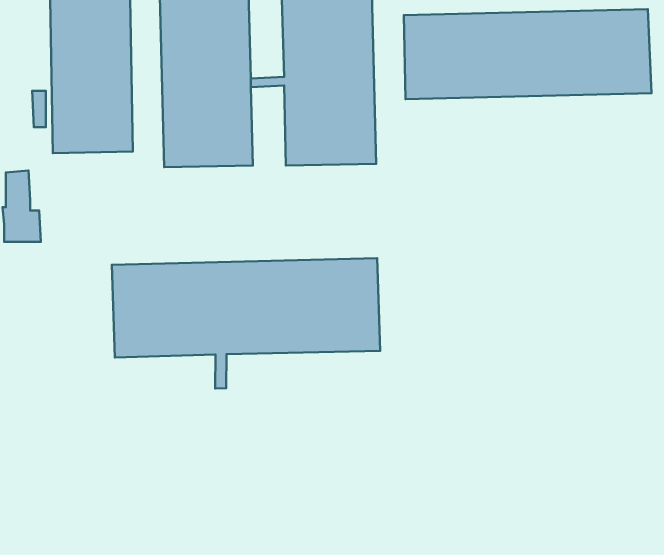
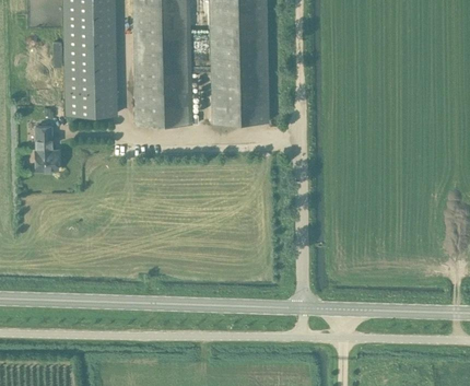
building: [404,9,652,99] -> none
building: [112,258,380,389] -> none

